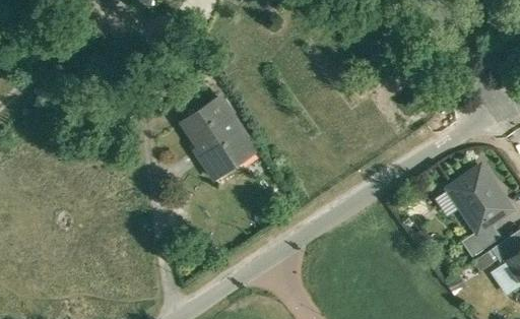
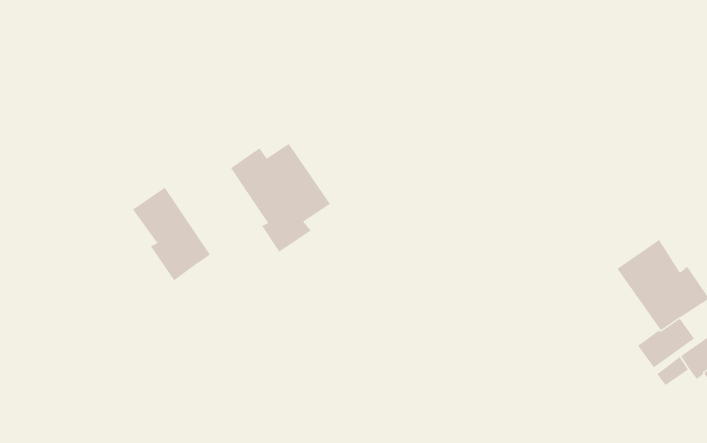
building: none -> [132,187,211,281]

